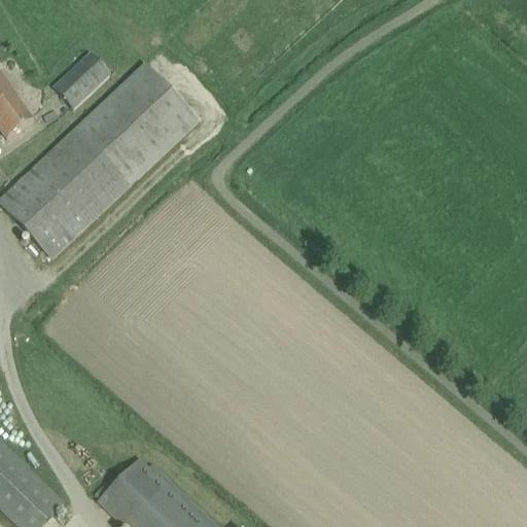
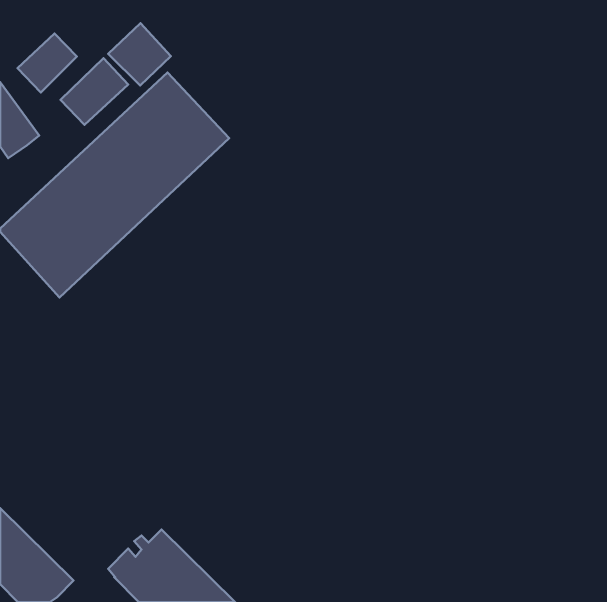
building: none -> [108,23,171,85]
building: none -> [18,33,77,93]

